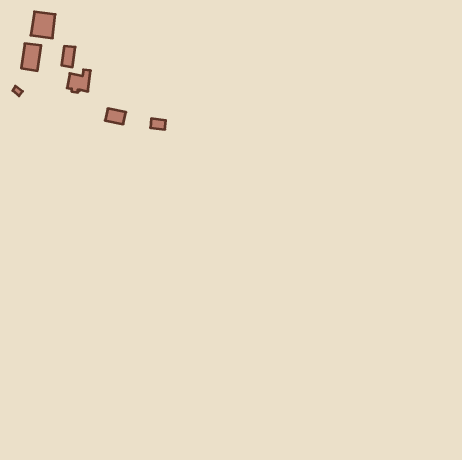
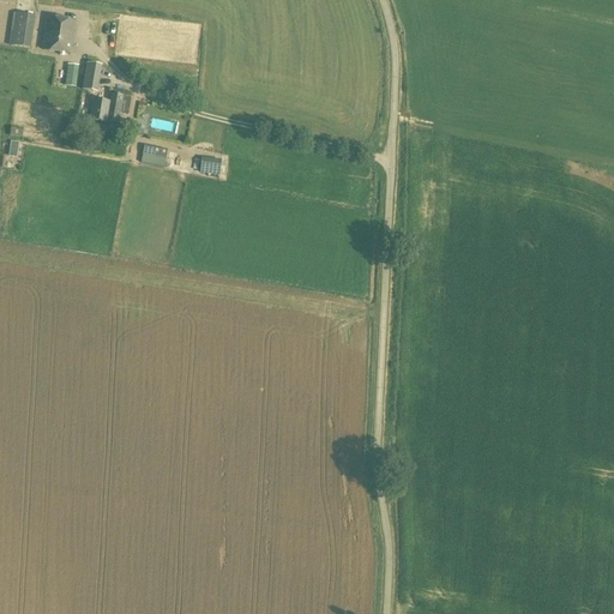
building: [21,44,41,71] -> [7,10,34,46]

